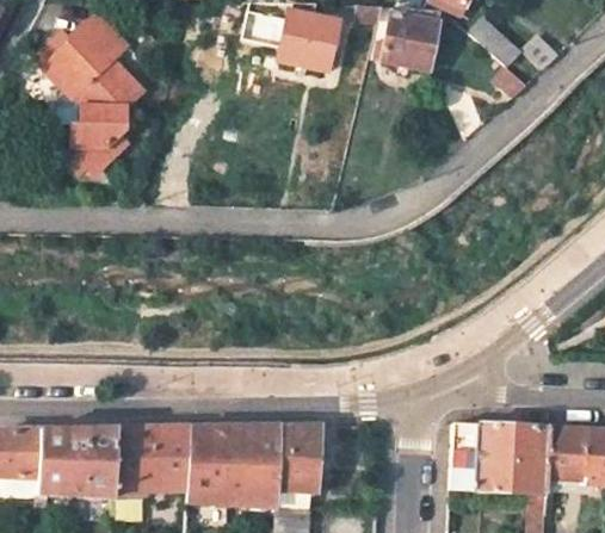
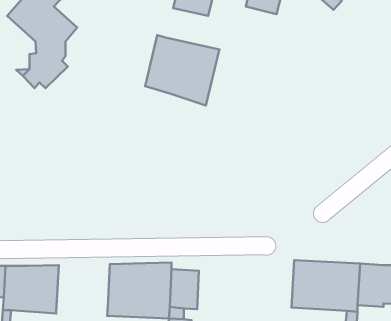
building: none -> [145,35,219,105]
building: [112,427,189,496] -> none

